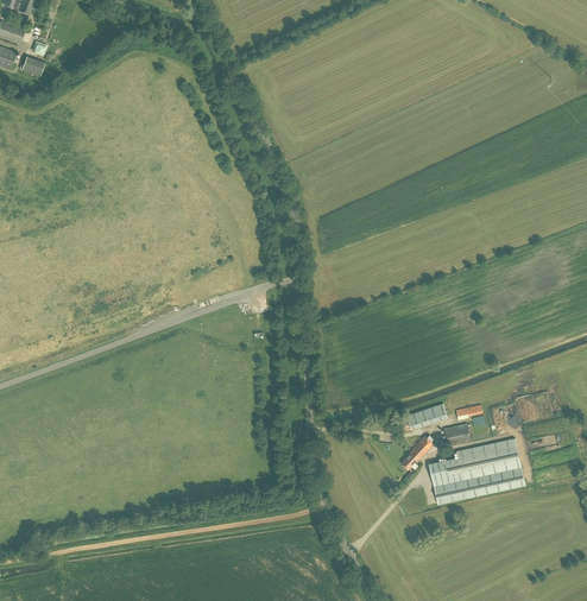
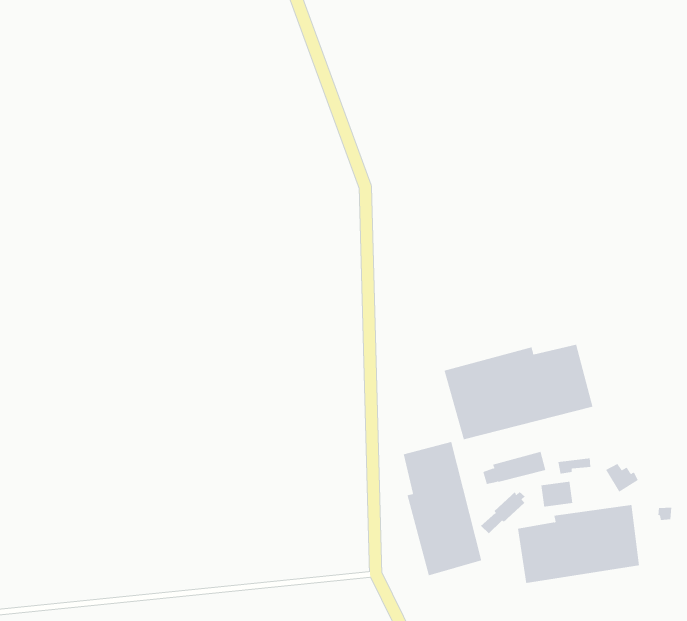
building: none -> [444,344,593,440]
building: none -> [403,441,482,576]

